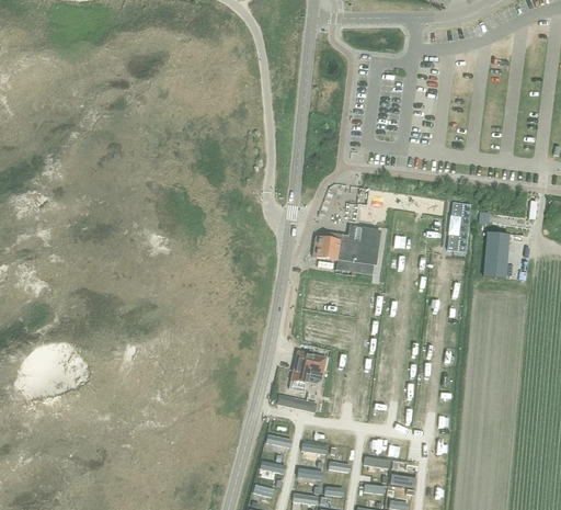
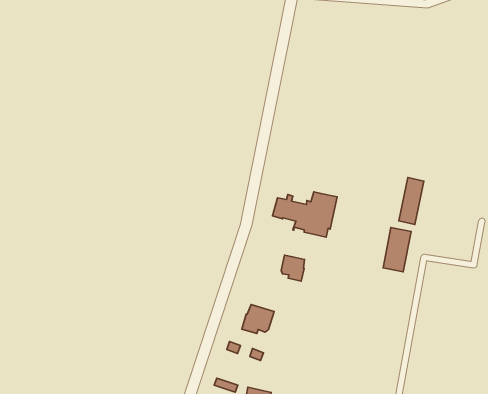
building: [483,231,510,277] -> [383,228,411,272]
building: none -> [281,255,304,281]

